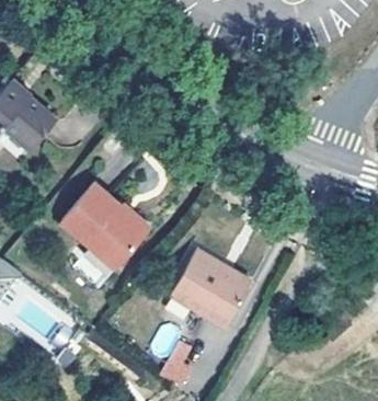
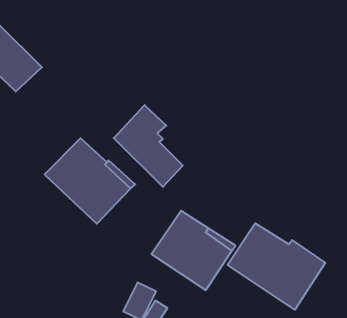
building: none -> [114,105,183,187]
building: none -> [228,223,325,310]

